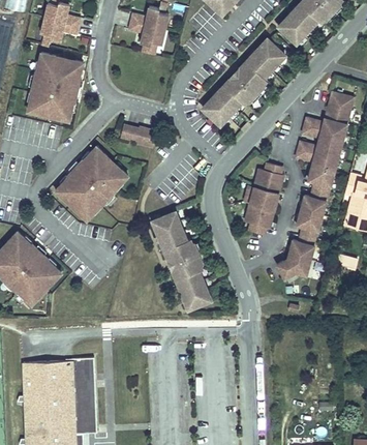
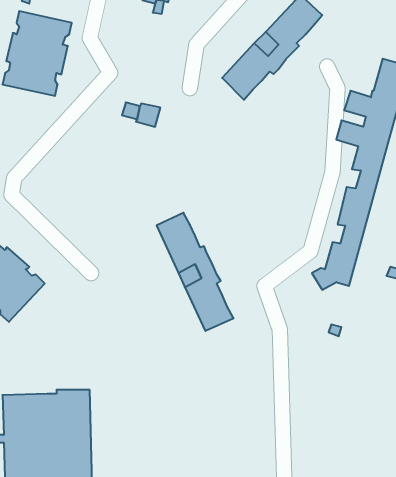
building: [55,146,127,219] -> none
building: [245,162,284,234] -> none

